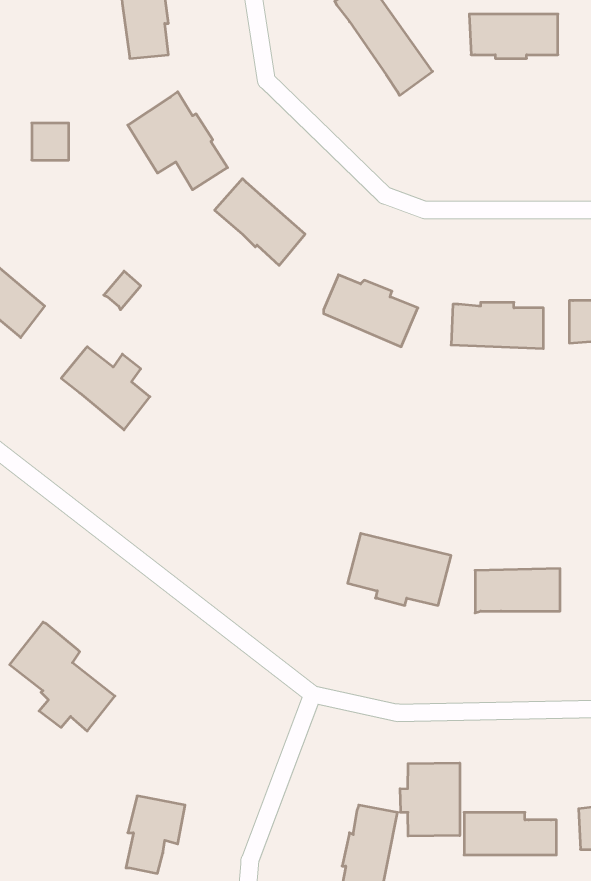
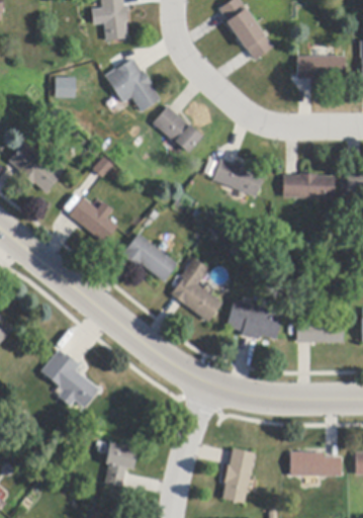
building: [469,14,558,58] -> [296,56,345,80]
building: none -> [120,234,176,281]
building: none -> [170,258,220,321]
building: [400,763,460,836] -> none

